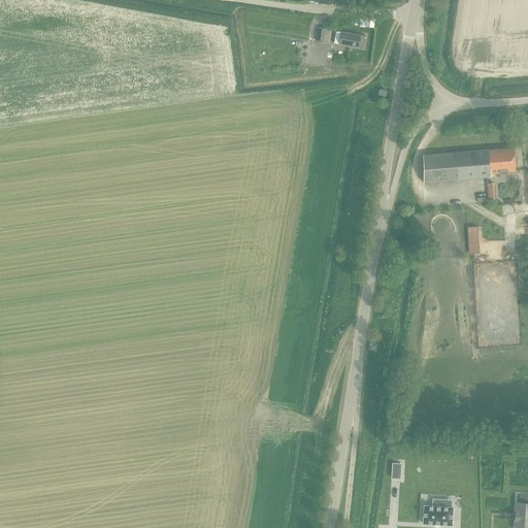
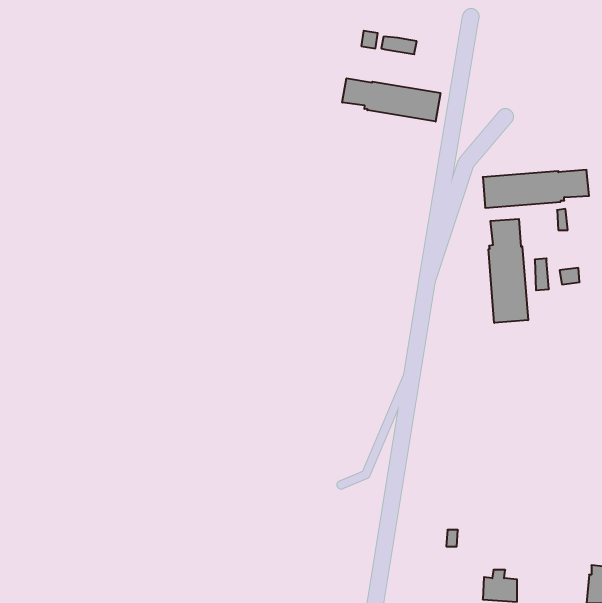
building: none -> [342,78,440,122]
building: none -> [489,219,528,323]

